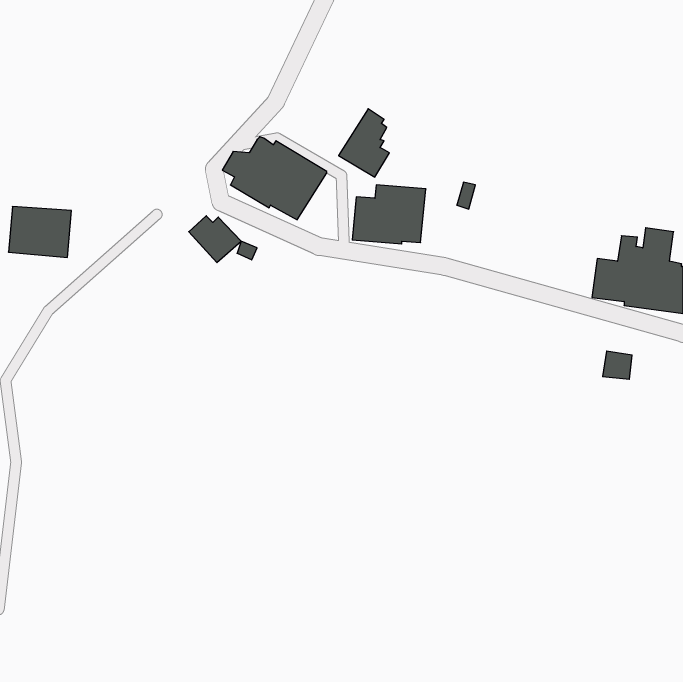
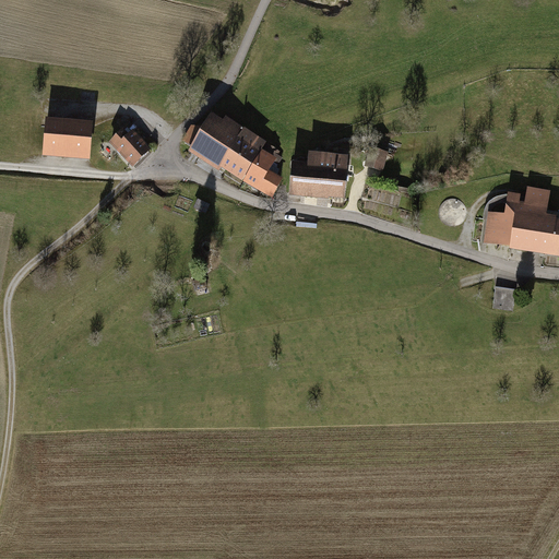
building: [339,109,389,177] -> [242,141,284,197]
building: [8,207,71,257] -> [41,117,93,158]
building: [189,216,241,263] -> [108,127,151,165]

